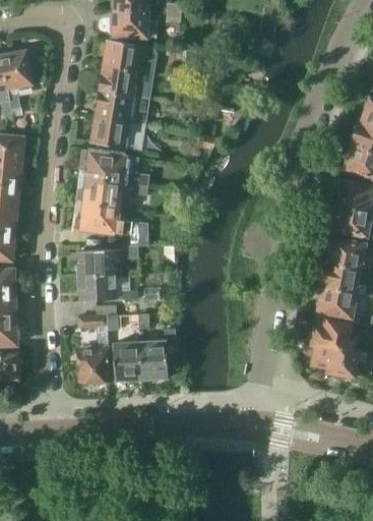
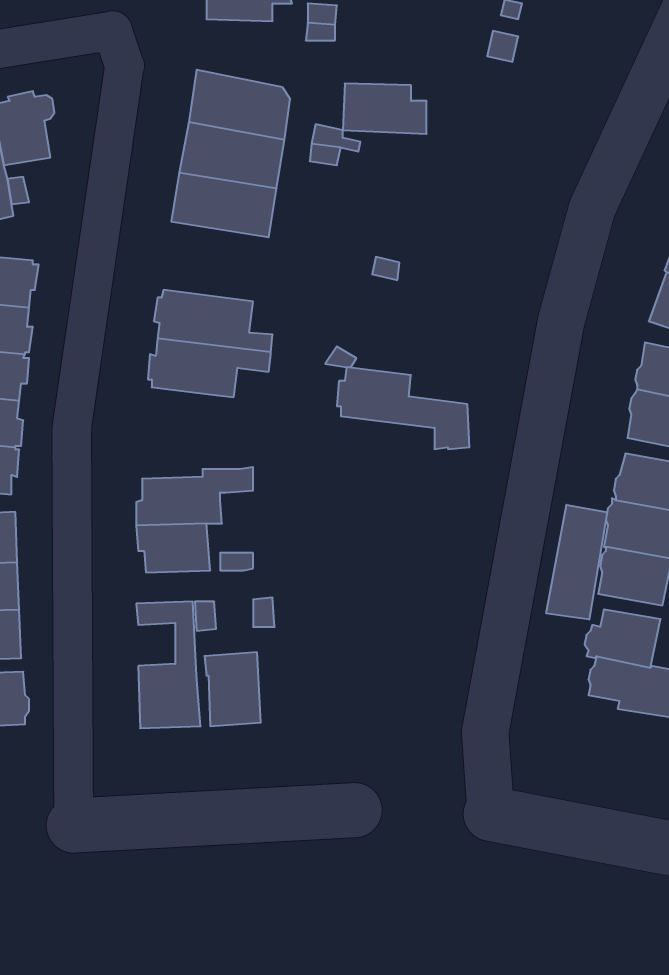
building: [113,11,157,38] -> [343,83,427,134]
building: [91,117,146,151] -> none
building: [80,204,149,246] -> [337,367,469,449]
building: none -> [546,505,607,620]
building: [140,329,178,381] -> none

